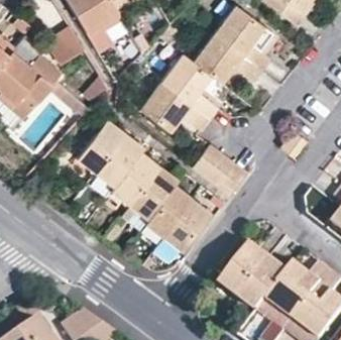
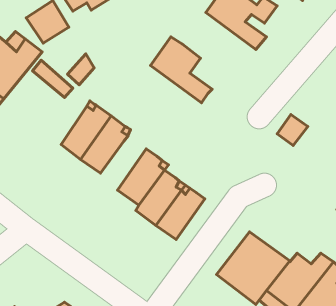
building: [192,34,261,86] -> none
building: [140,85,210,133] -> none
building: [195,145,249,197] -> none
building: [112,153,157,203] -> none

